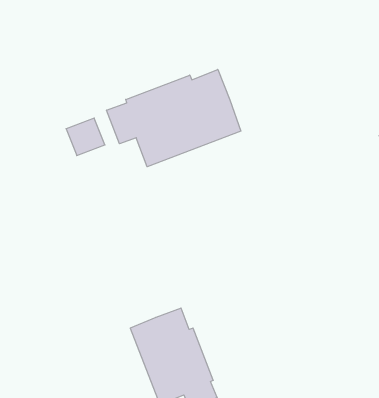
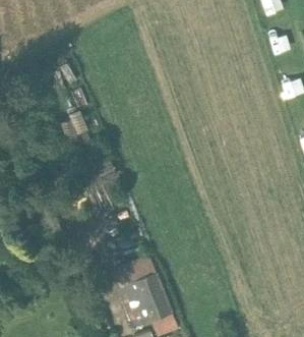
building: [107,69,241,167] -> none

